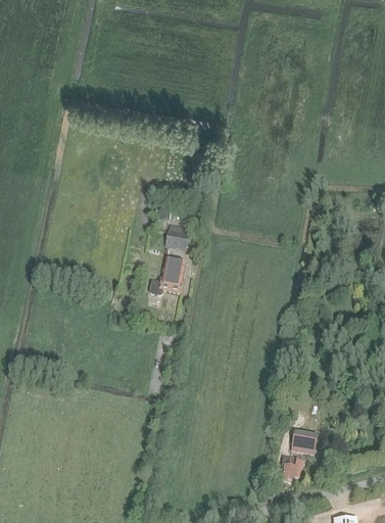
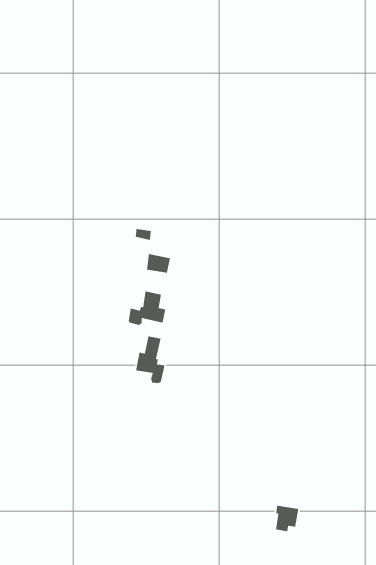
building: none -> [135,336,165,384]
building: [292,430,319,453] -> none

